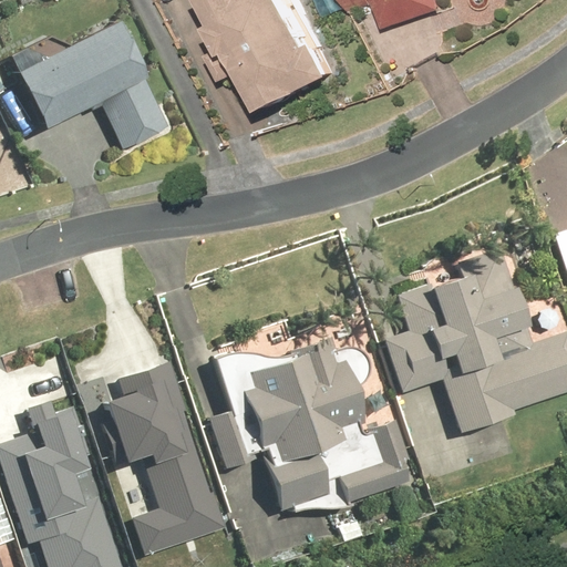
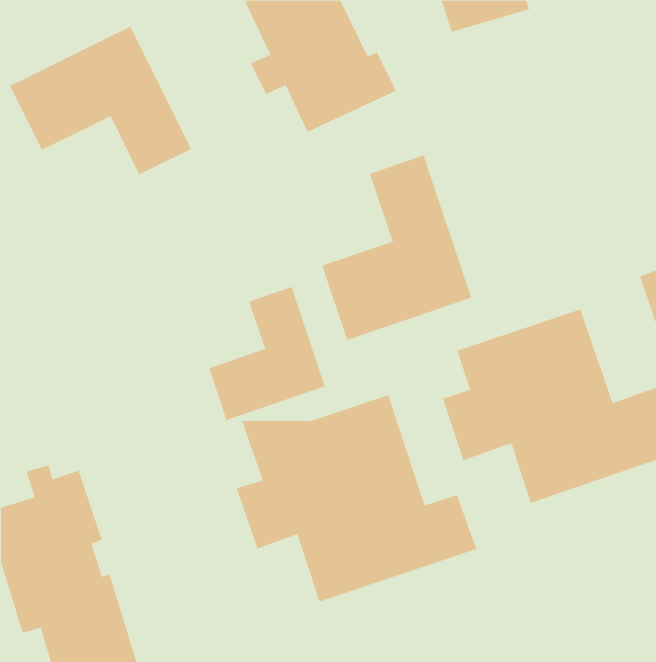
building: none -> [322,155,472,341]
building: none -> [208,286,326,421]
building: [101,357,225,548] -> none

